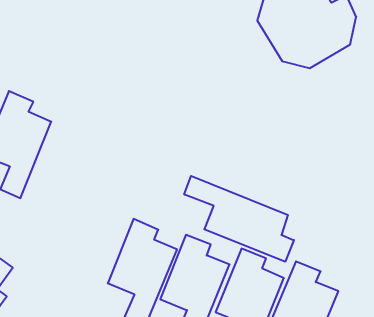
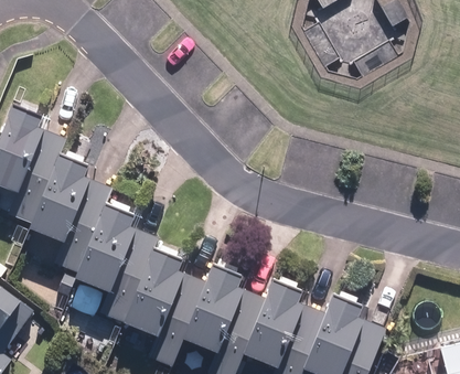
building: none -> [34,156,110,273]
building: [184,176,294,262] -> none
building: none -> [81,205,158,323]

